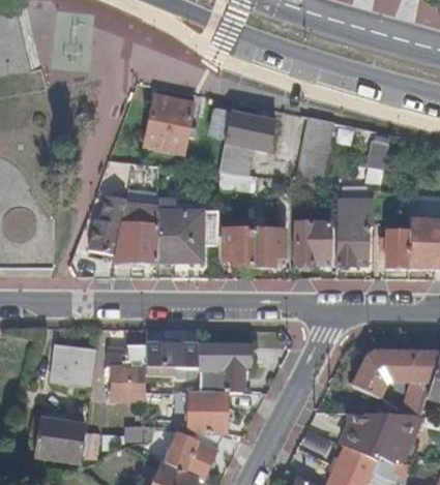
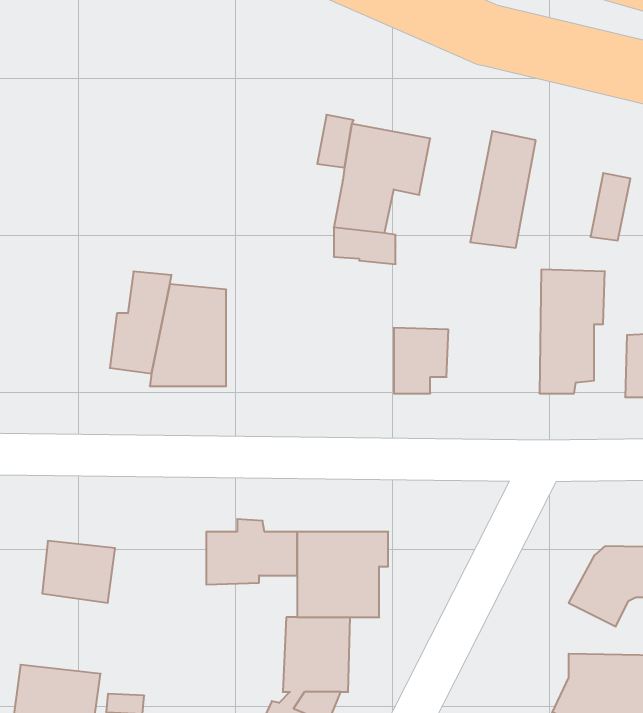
building: [144,95,196,153] -> none
building: [158,193,218,262] -> none
building: [294,222,328,264] -> none
building: [223,228,254,265] -> none
building: [109,343,147,399] -> none

